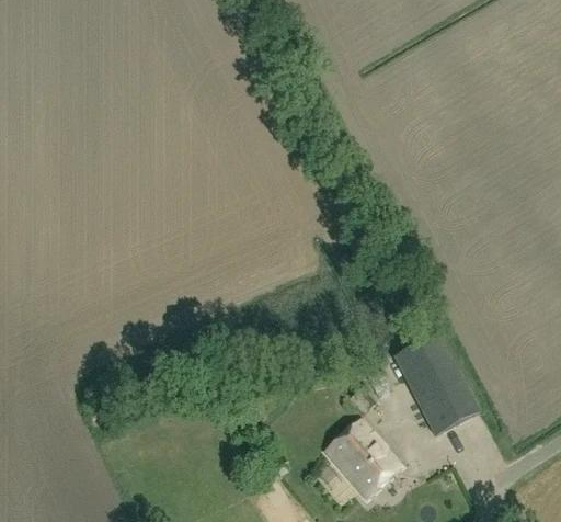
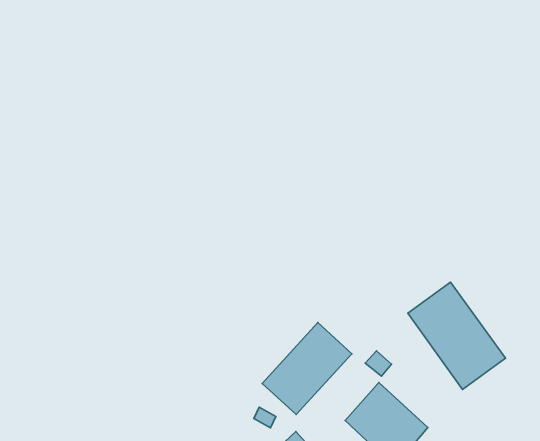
building: none -> [262,322,352,415]

